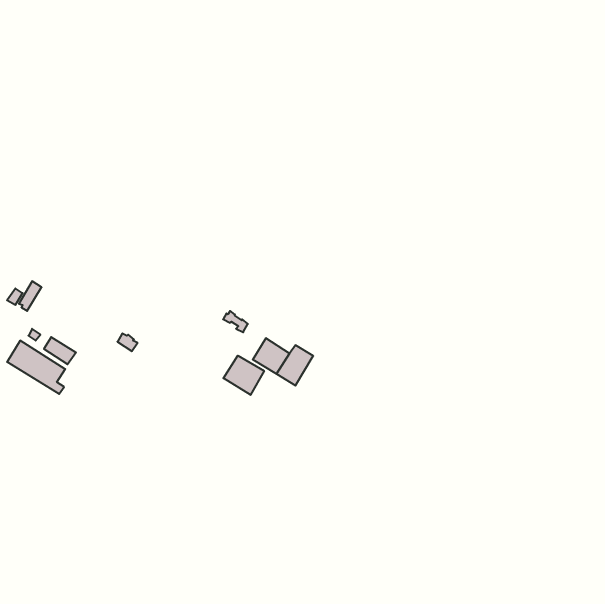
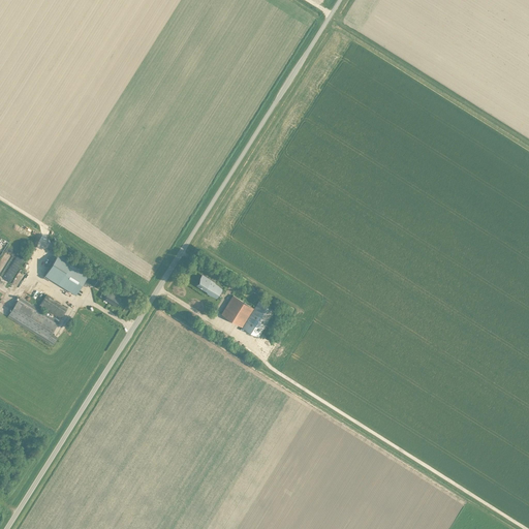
building: none -> [43,254,88,295]
building: [223,356,264,395] -> none

